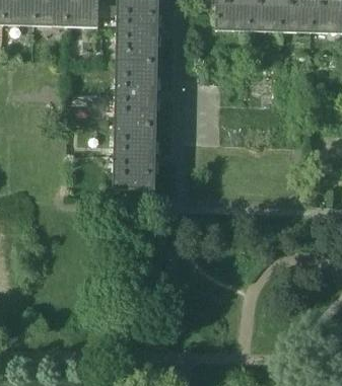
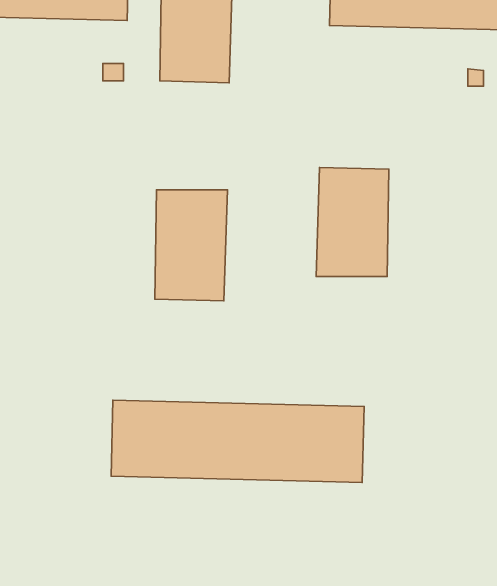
building: [116,62,158,126] -> [316,167,389,277]
building: none -> [111,400,364,482]

